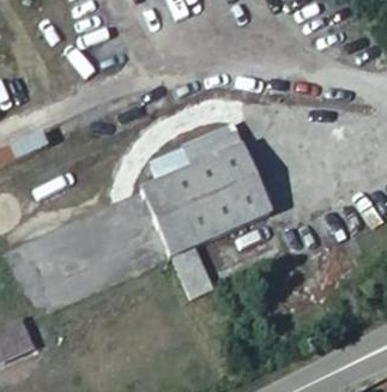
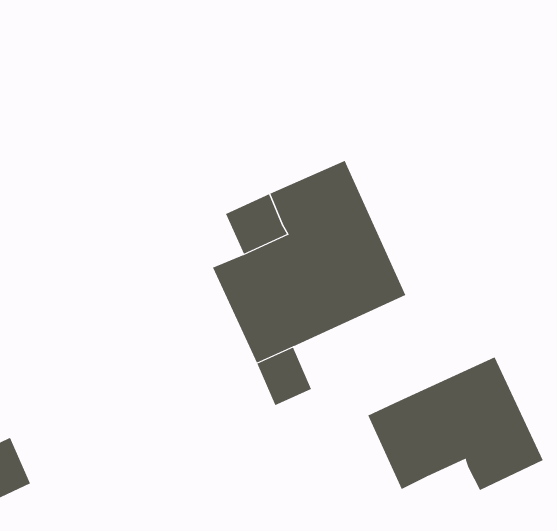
building: none -> [368,357,543,491]

